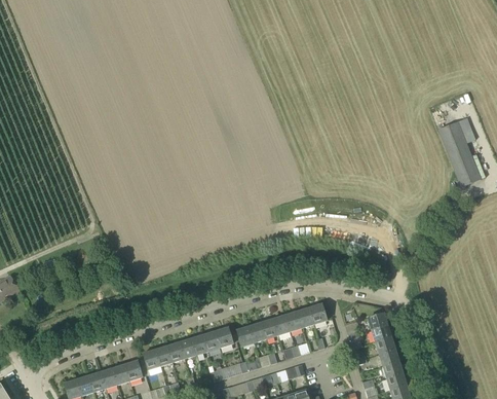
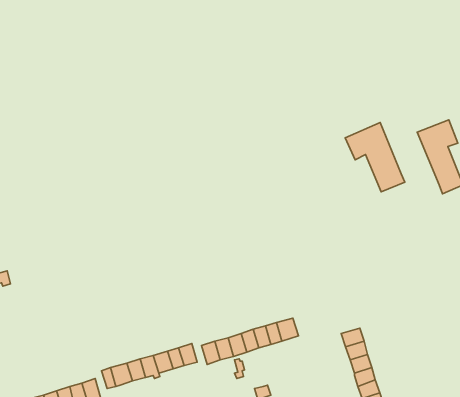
building: none -> [345,122,405,192]

